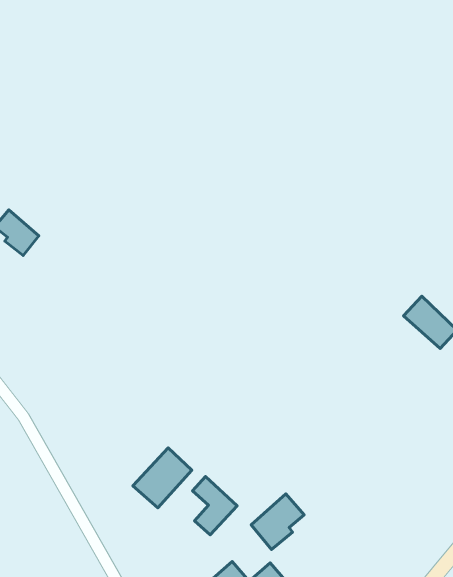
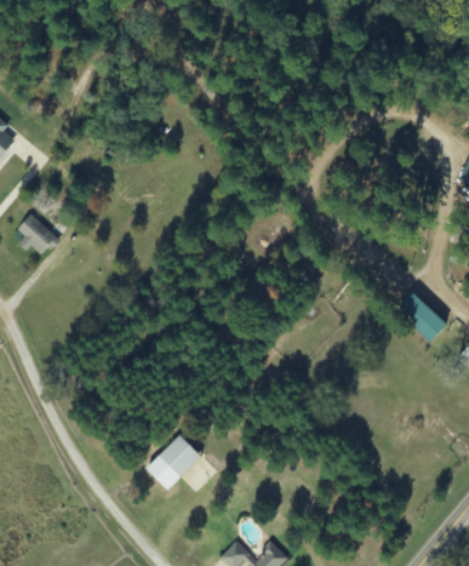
building: [193,476,237,535] -> none
building: [251,494,304,549] -> none

